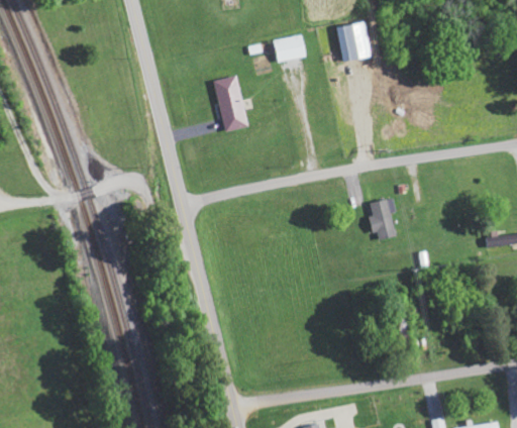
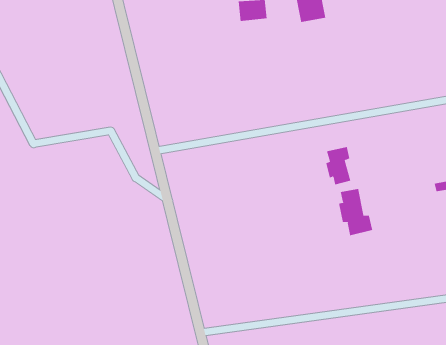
building: [214,76,246,131] -> none
building: none -> [338,188,373,236]

